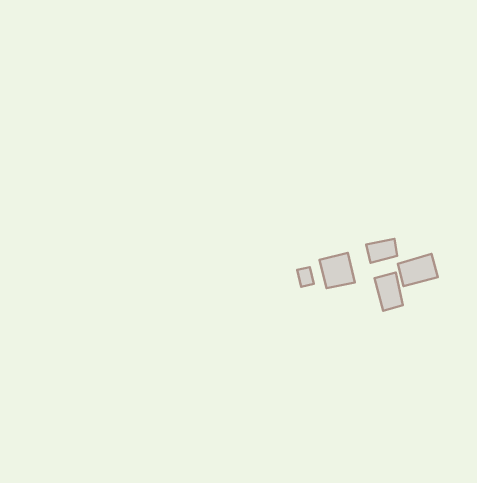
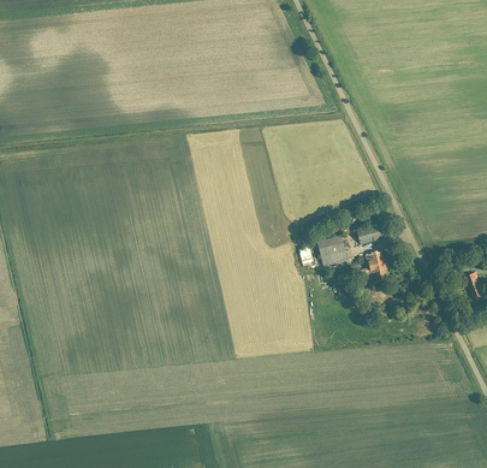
building: [398,254,438,286] -> none

